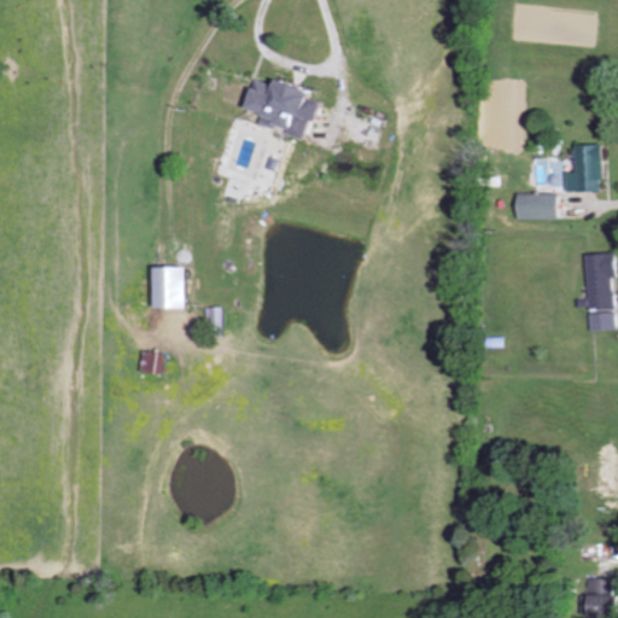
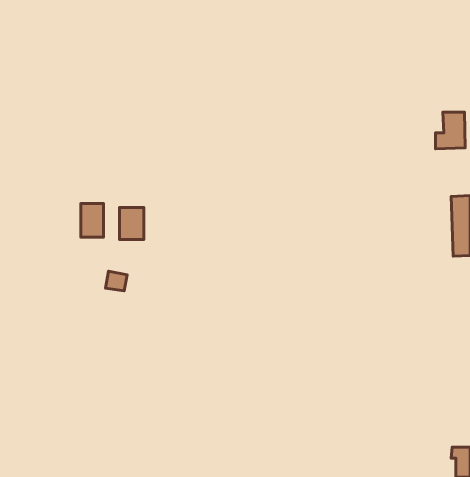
building: [250,76,322,138] -> none
building: [515,193,556,220] -> none
building: none -> [81,204,104,237]

